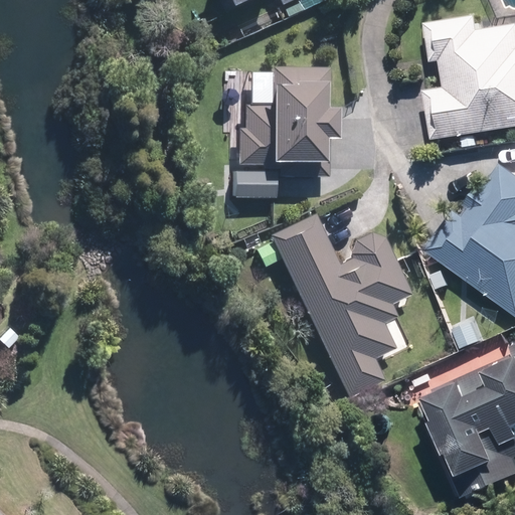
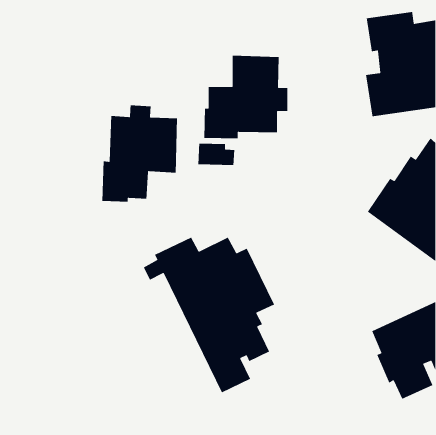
building: none -> [101,104,178,202]
building: [258,213,413,398] -> [143,236,275,394]

